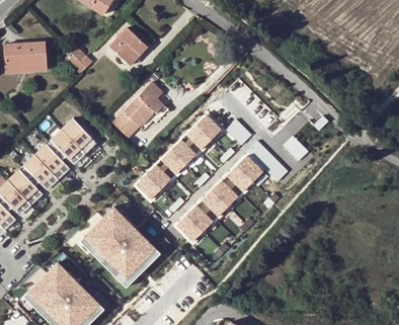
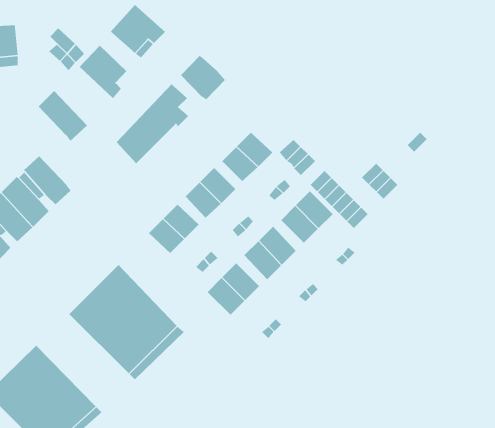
building: none -> [79,45,127,99]
building: none -> [180,55,226,100]
building: [61,120,95,156] -> [38,90,88,142]

